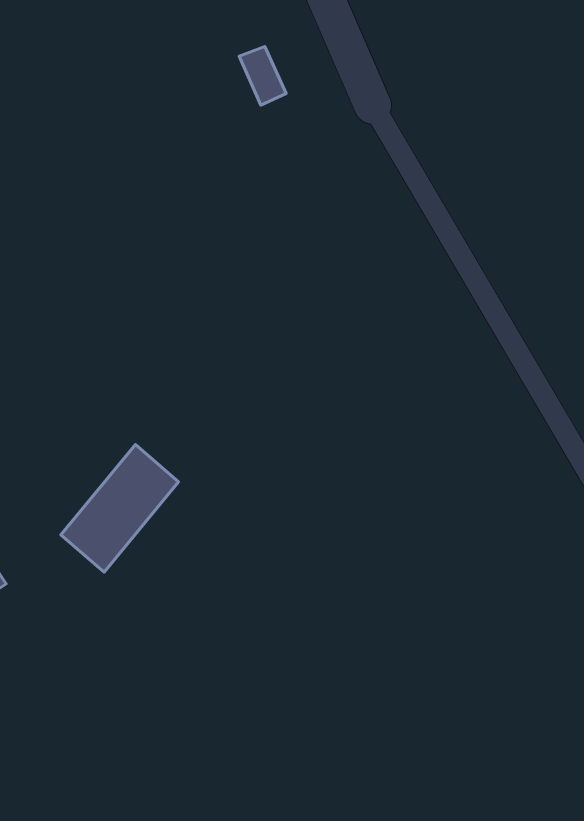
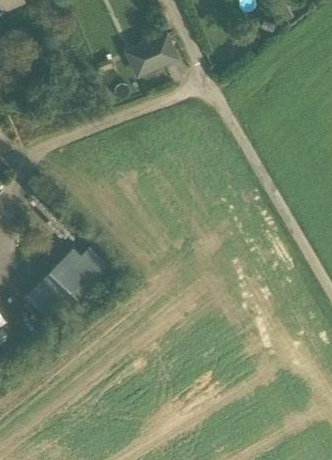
building: none -> [138,35,176,71]

